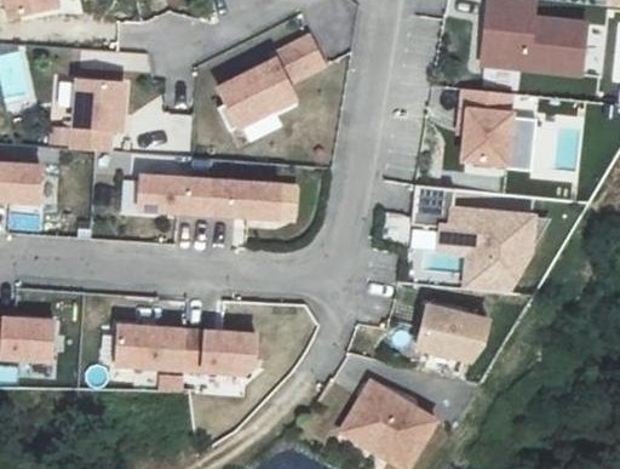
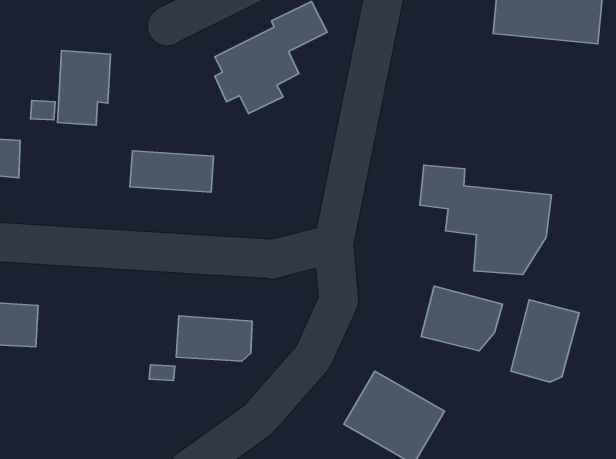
building: [458,92,533,168] -> none
building: [217,178,295,218] -> none
building: none -> [511,300,579,382]
building: [117,325,186,367] -> none

